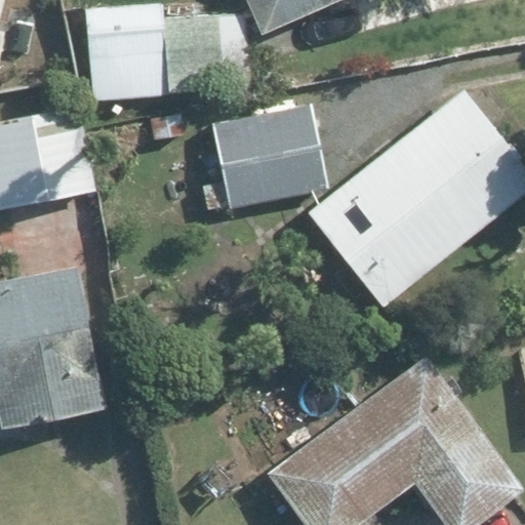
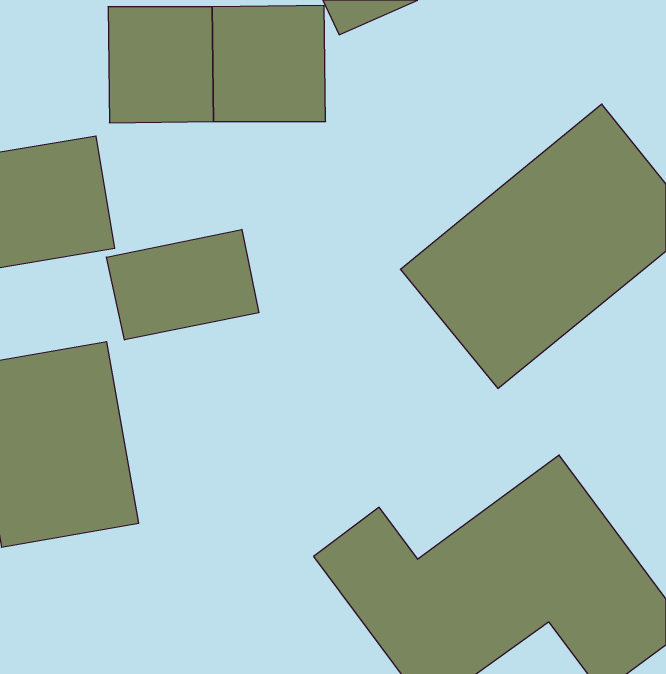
building: [197,109,324,215] -> none
building: none -> [106,229,259,340]

